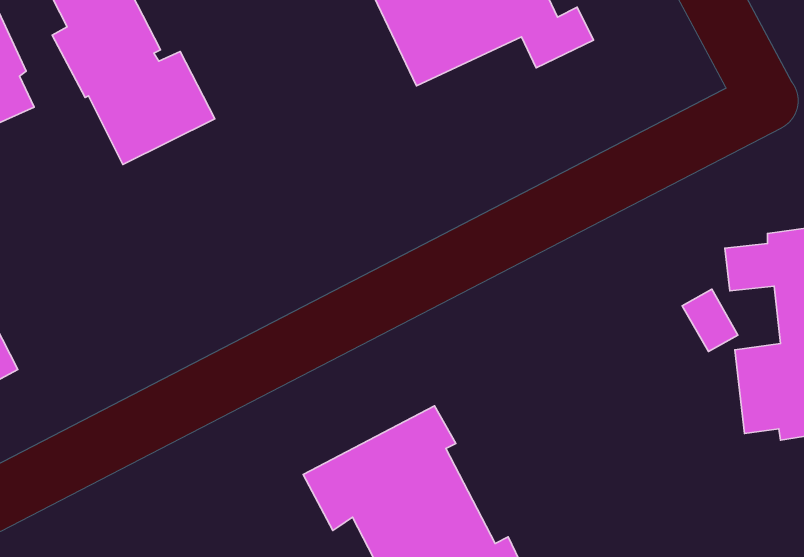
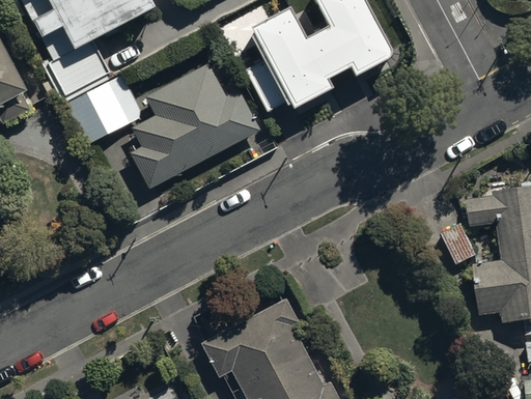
building: none -> [131,62,259,189]

